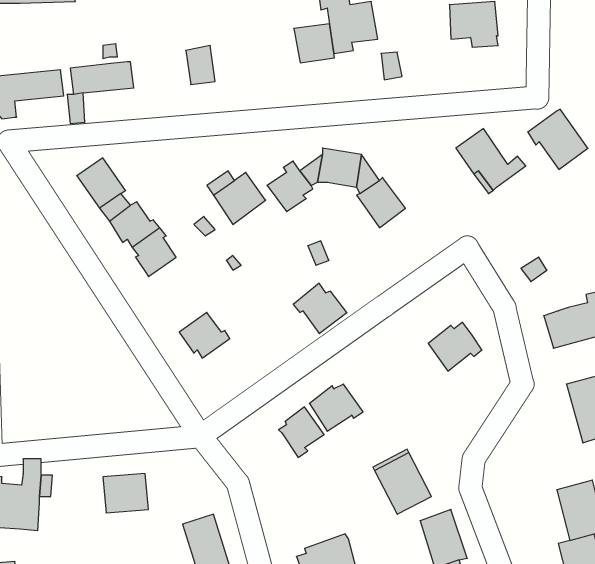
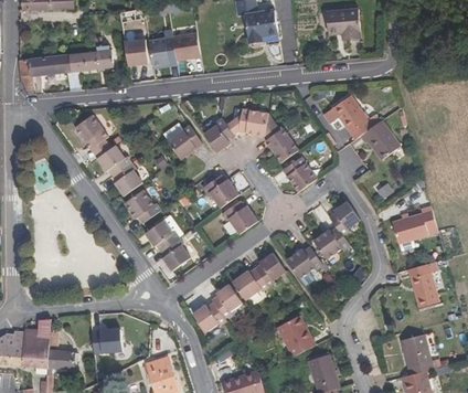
building: [294,24,334,63] -> [171,33,199,60]
building: none -> [124,40,147,66]
building: [528,109,588,169] -> [359,119,400,160]
building: none -> [281,157,316,191]
building: none -> [202,174,237,208]
building: none -> [124,190,160,223]
building: none -> [329,201,360,235]
building: none -> [159,237,190,270]
building: none -> [286,246,322,278]
building: none -> [255,253,285,287]
building: none -> [191,301,225,332]
building: none -> [46,349,73,375]

